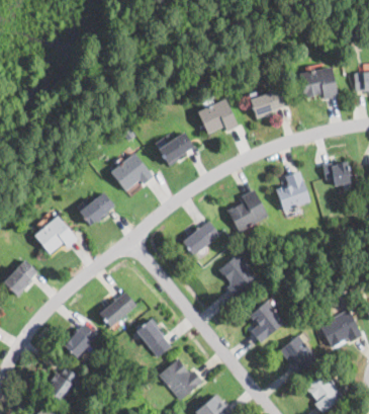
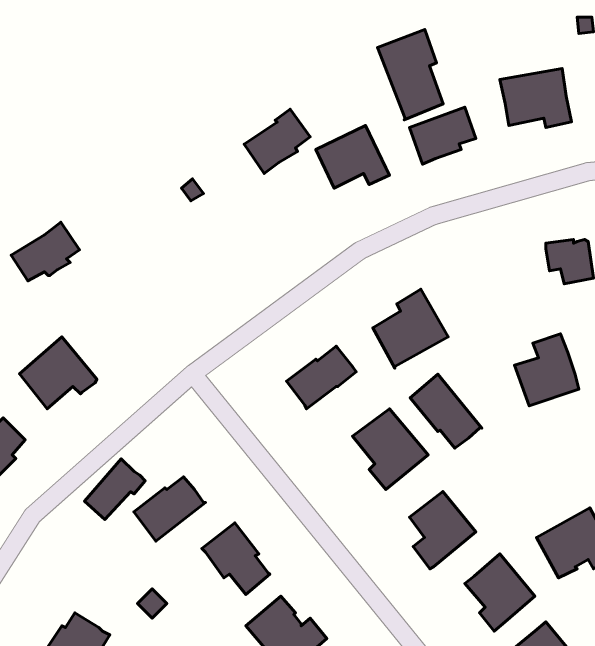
building: none -> [378,30,443,120]
building: [158,131,194,166] -> [244,109,310,174]
building: [110,152,154,191] -> none
building: [275,171,310,211] -> [514,334,579,406]
building: [77,192,114,225] -> [11,222,79,281]
building: none -> [410,374,482,448]
building: [64,323,97,356] -> [85,459,145,519]

